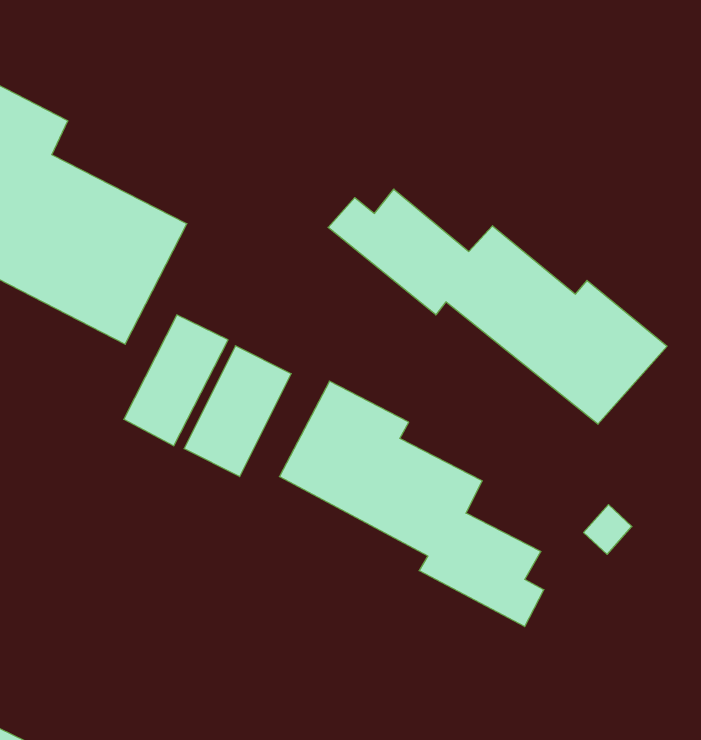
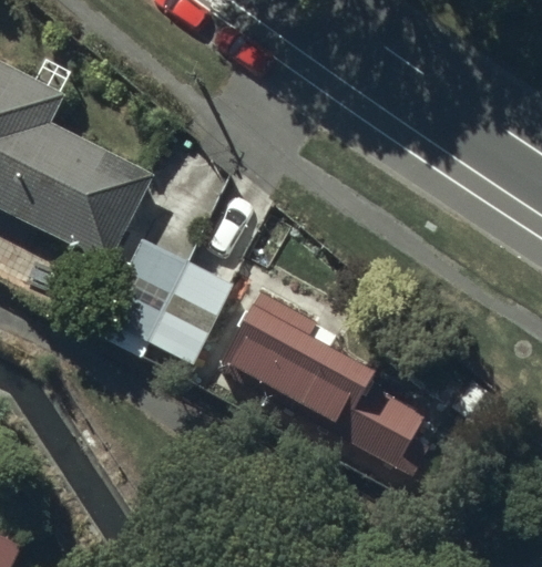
building: [328,189,667,424] -> none

